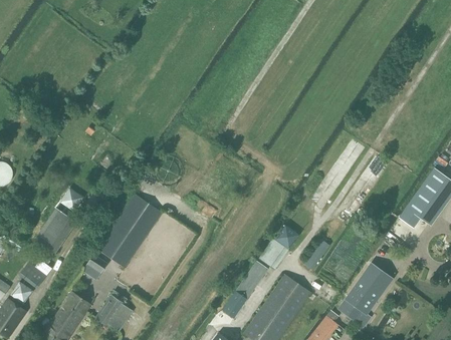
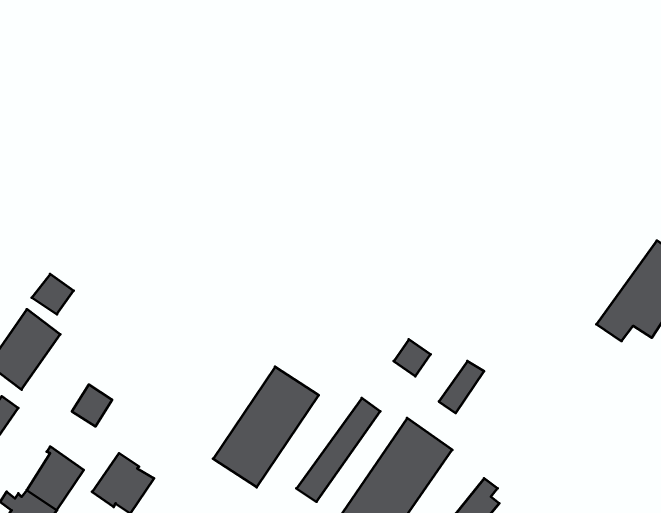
building: [96,196,160,268] -> [213,367,319,487]
building: [258,239,288,270] -> none
building: [337,264,391,323] -> none

